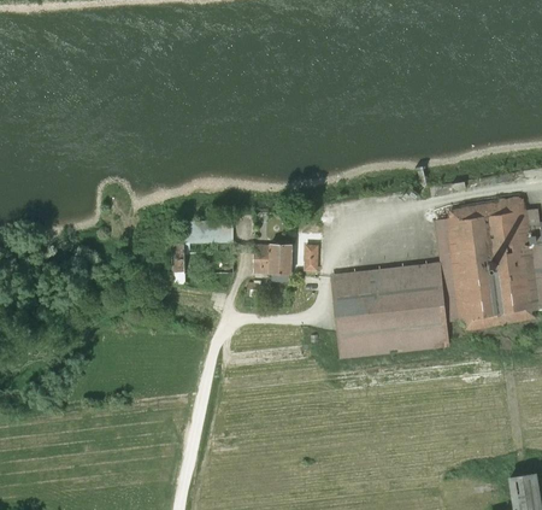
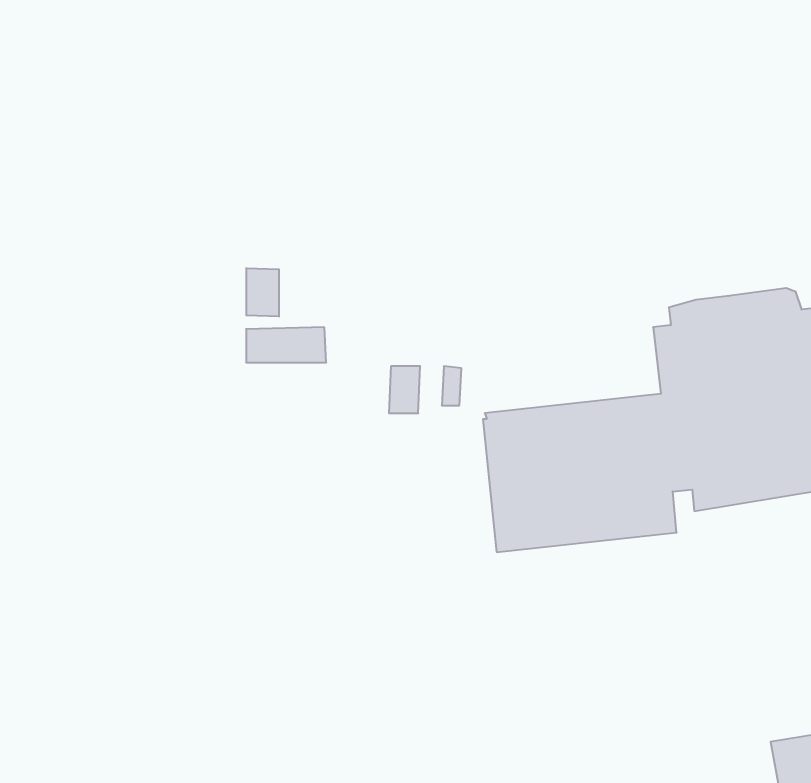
building: none -> [246,268,279,317]
building: [254,245,275,274] -> none

